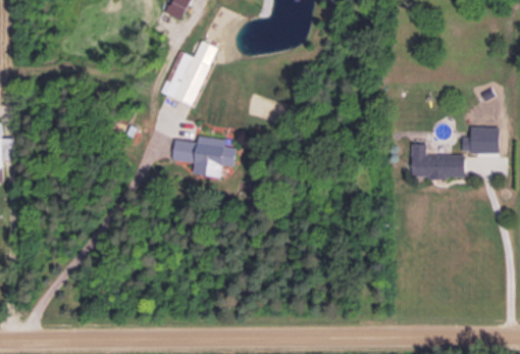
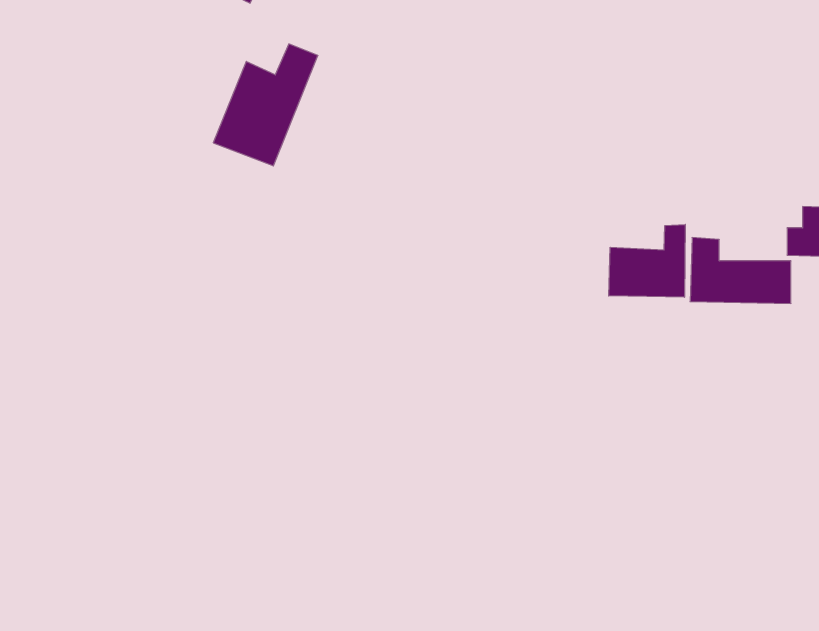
building: [171,136,235,176] -> none
building: none -> [609,224,685,297]

